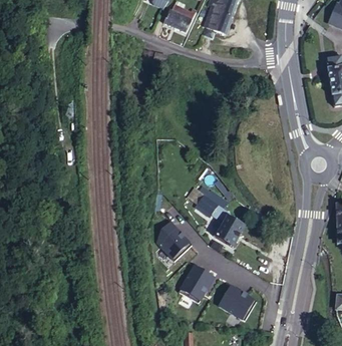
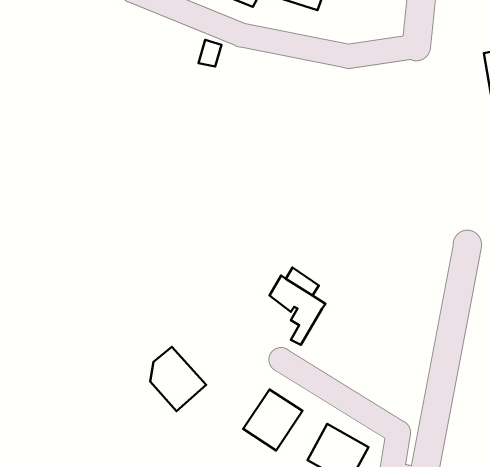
building: [215,216,244,248] -> none
building: [157,222,192,261] -> [150,347,206,411]

